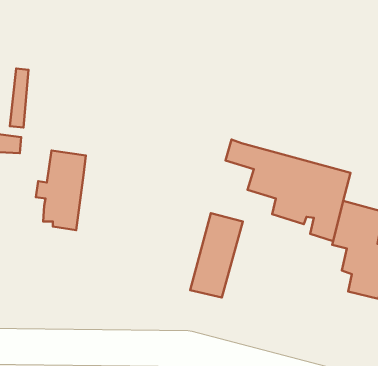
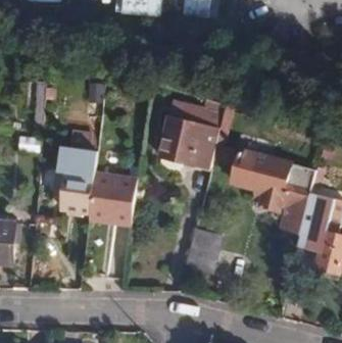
building: none -> [160,98,228,168]
building: none -> [87,170,137,224]

